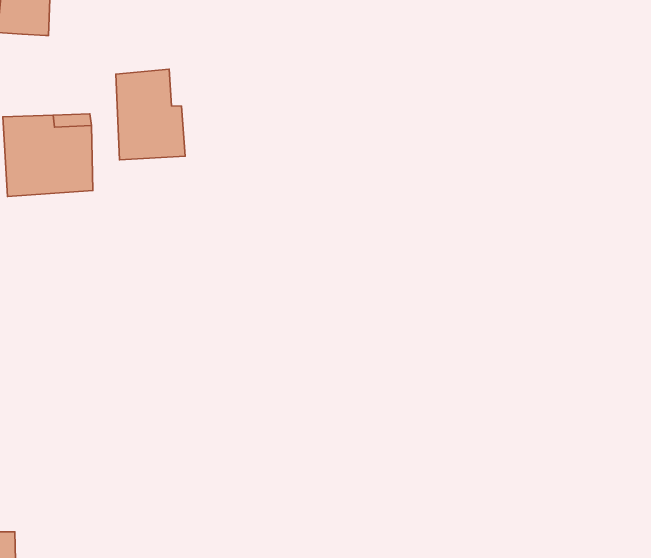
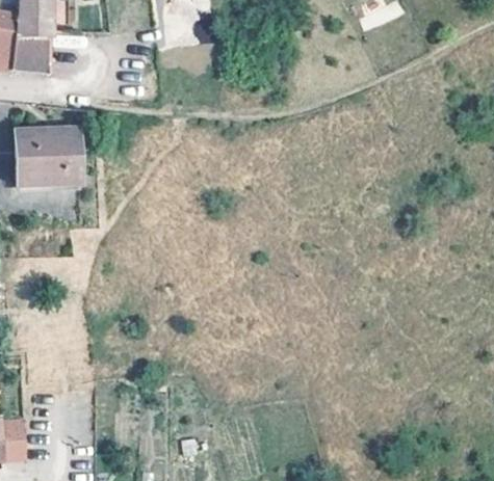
building: [116,69,185,160] -> none

